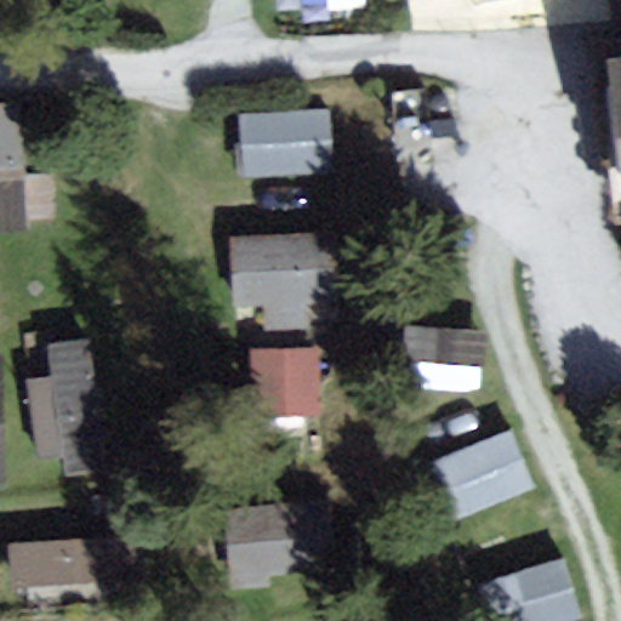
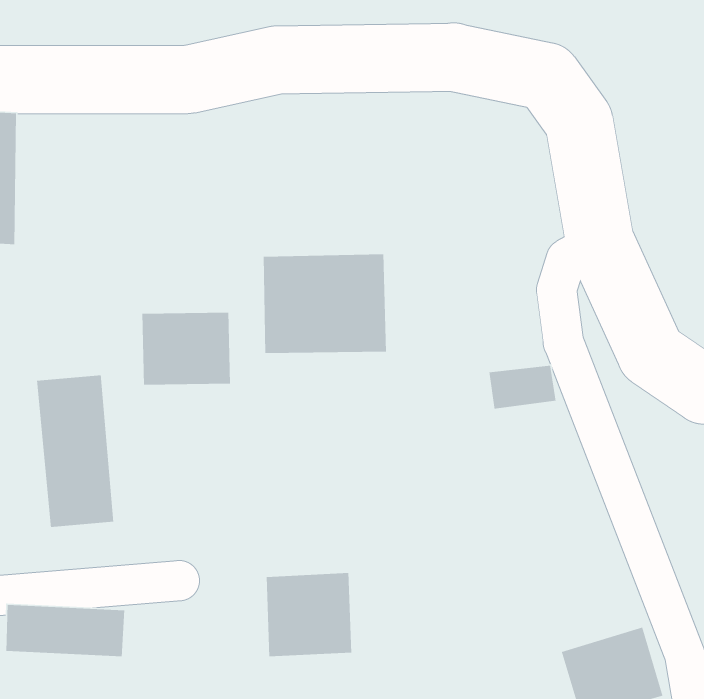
building: [234,109,327,181] -> none
building: [243,349,320,414] -> [142,312,231,385]
building: [439,432,532,519] -> none

